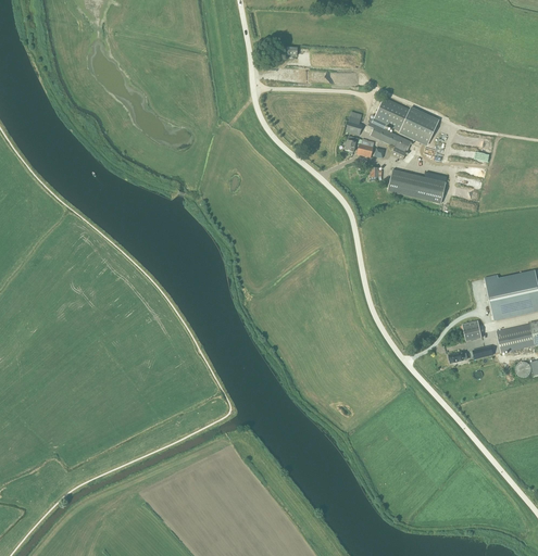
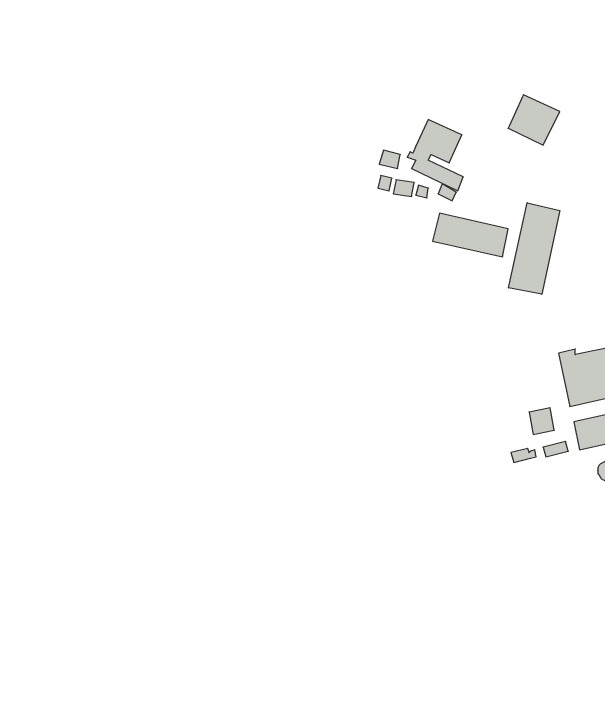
building: [400,106,440,146] -> [508,95,560,145]
building: none -> [509,203,560,294]

